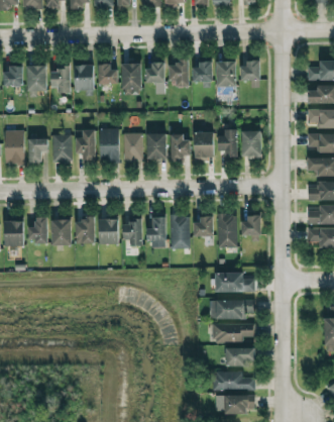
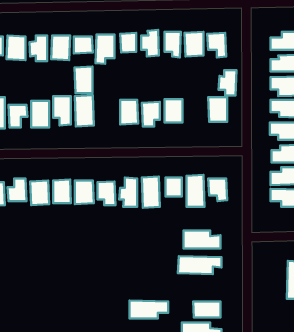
building: [218,129,237,156] -> [219,70,237,96]
building: [123,132,142,161] -> [74,67,92,93]
building: [213,323,254,342] -> [129,300,168,318]

